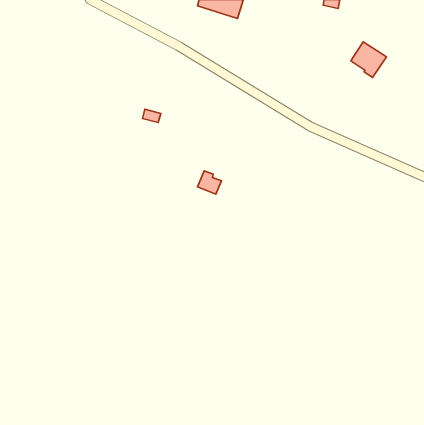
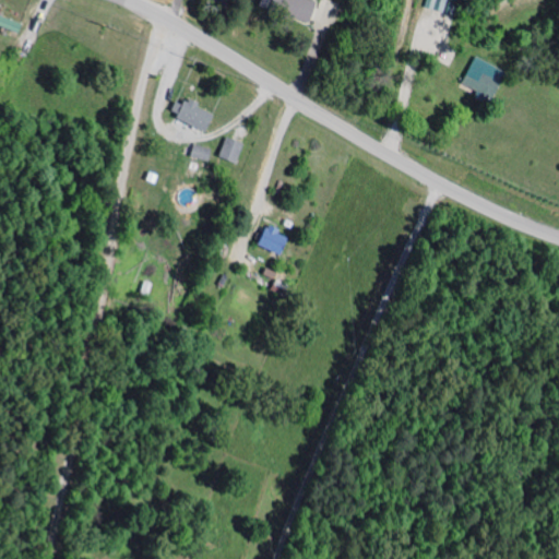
building: none -> [168,99,214,130]
building: none -> [216,135,243,163]

